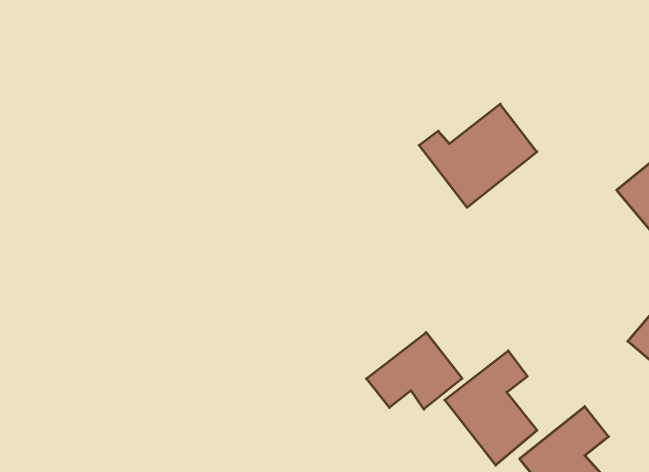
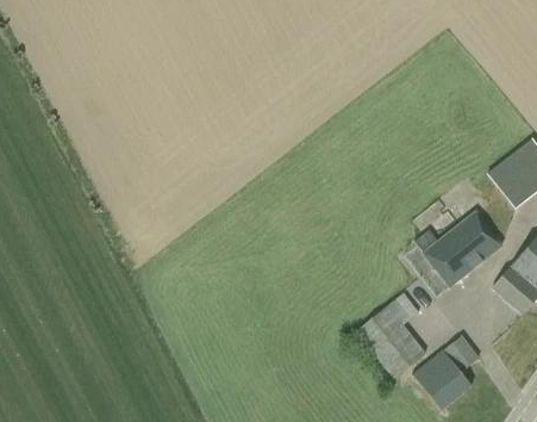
building: [419,104,537,207] -> [414,210,502,287]
building: [366,332,462,409] -> none

